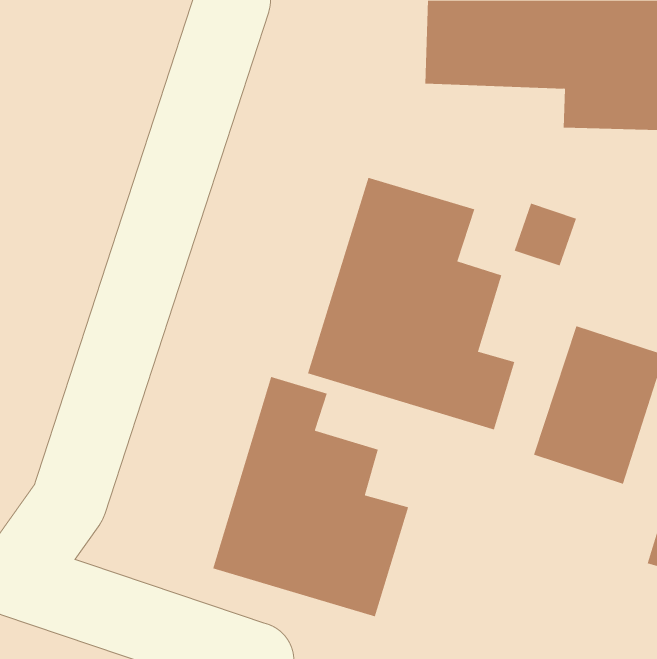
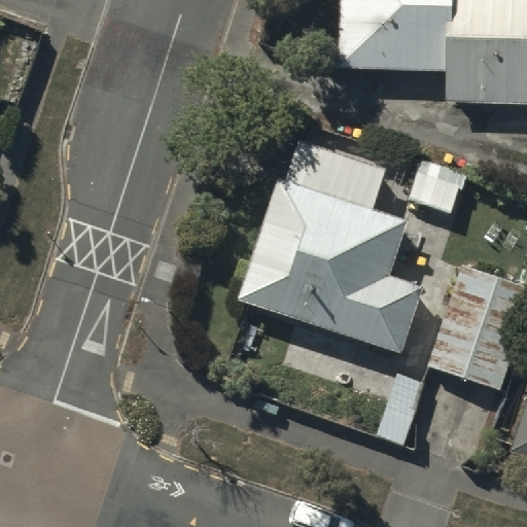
building: [212,376,409,617] -> none

